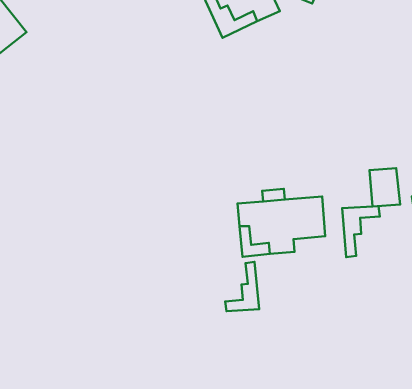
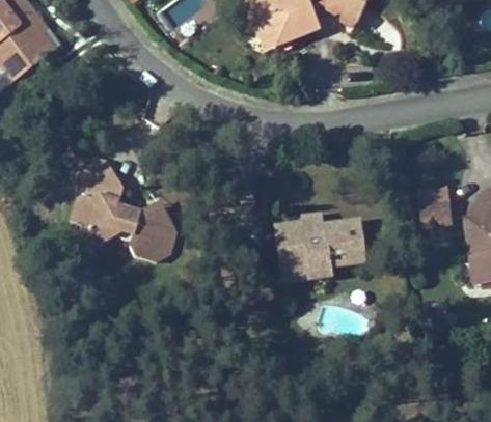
building: none -> [69,153,178,258]
building: [342,206,380,257] -> none
building: [225,262,259,311] -> none

